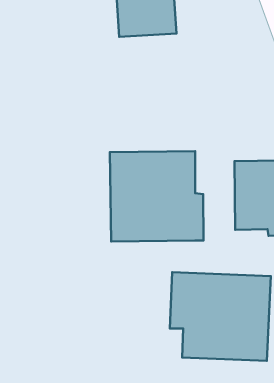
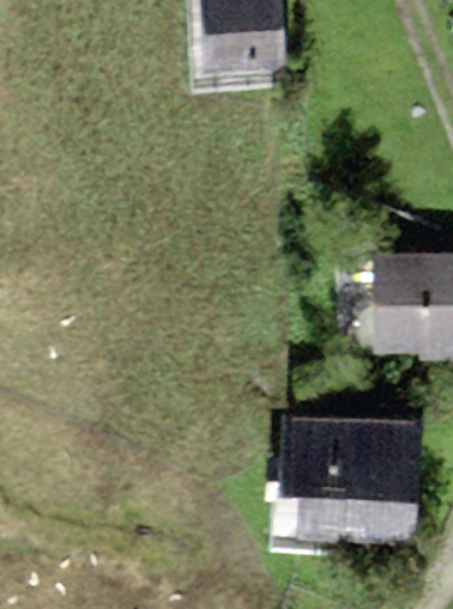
building: [110,151,203,242] -> none

